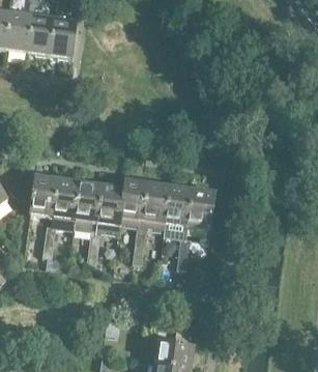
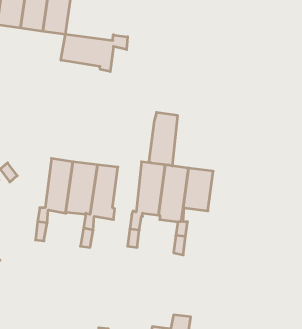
building: none -> [61,34,128,72]
building: [29,173,58,225] -> none
building: [117,177,145,229] -> [149,112,178,166]

